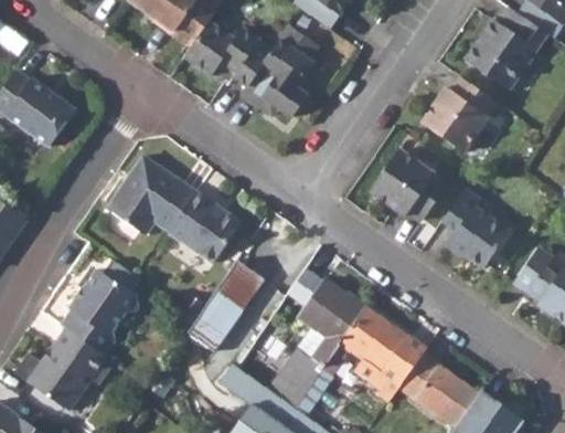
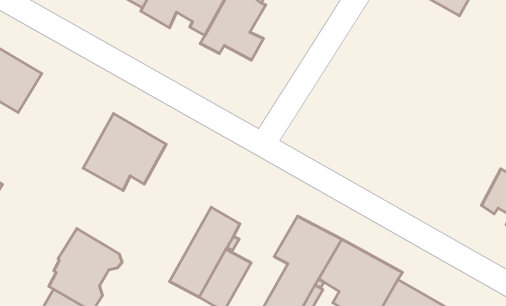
building: [419,78,495,151] -> none
building: [370,149,447,221] -> none
building: [440,190,509,270] -> none
building: [170,192,244,265] -> none

